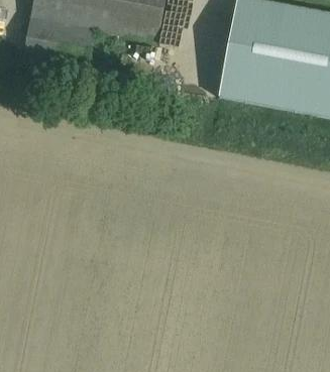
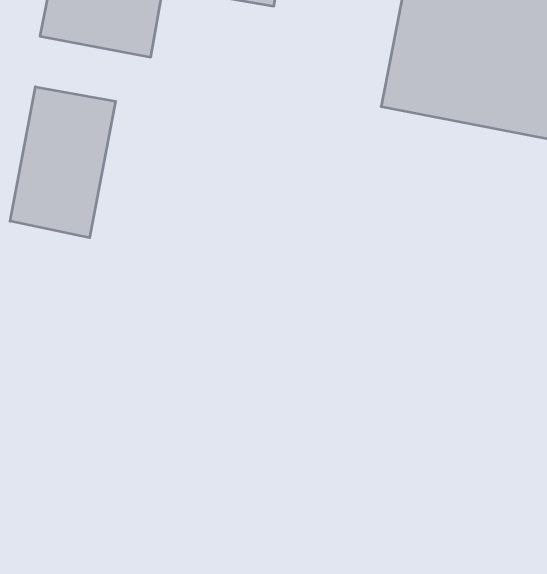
building: none -> [10,87,116,238]

